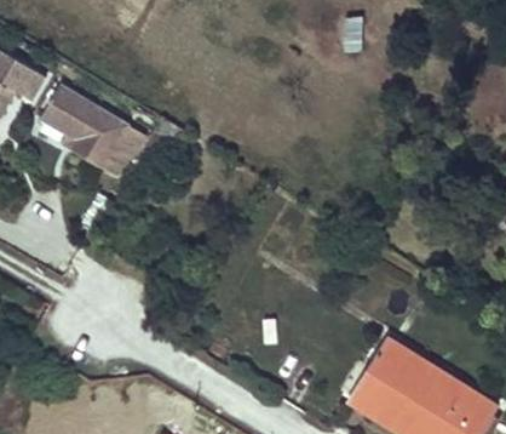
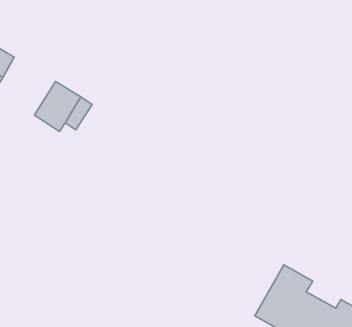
building: [41,87,98,142] -> none

